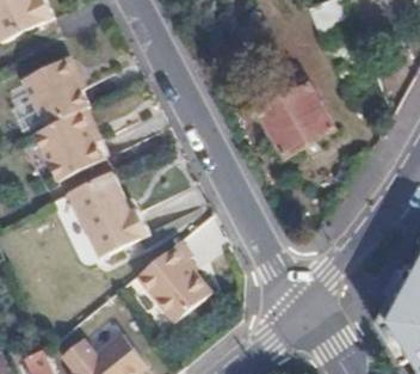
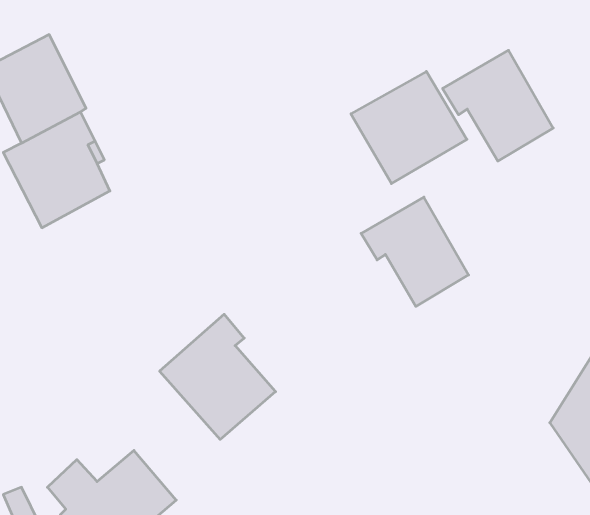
building: none -> [443,50,553,161]
building: none -> [361,197,469,306]
building: [69,174,149,260] -> none

